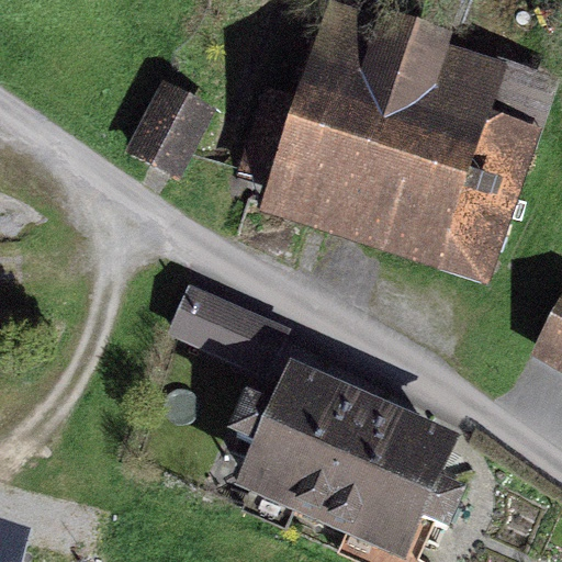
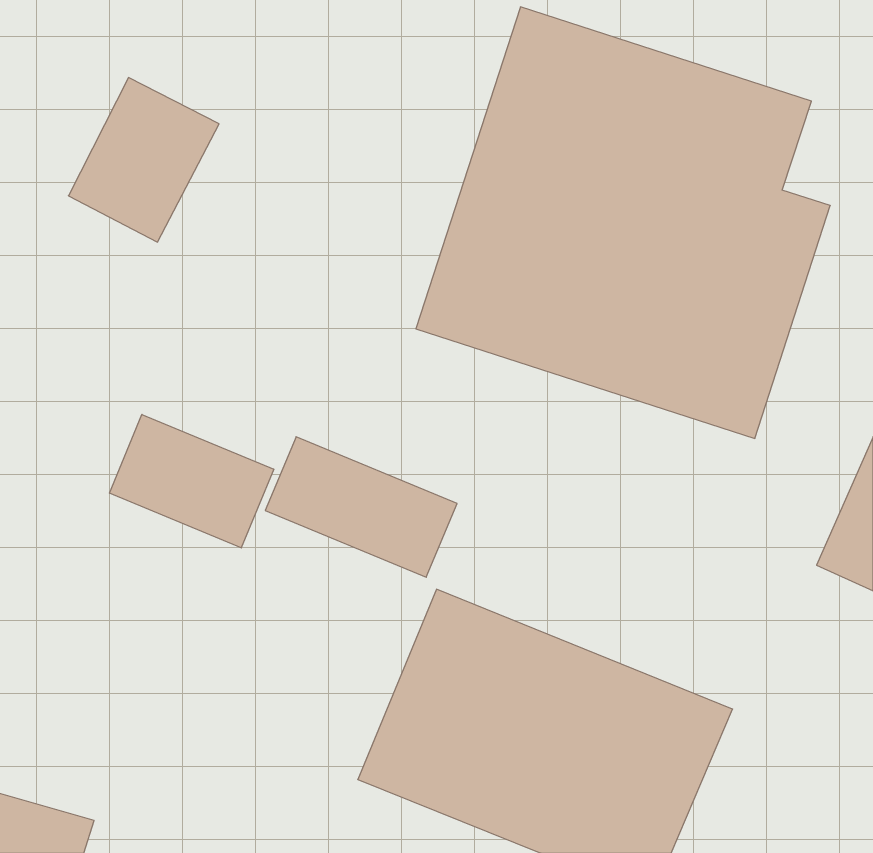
building: [127,59,224,165] -> [68,78,219,242]
building: none -> [110,414,274,548]

